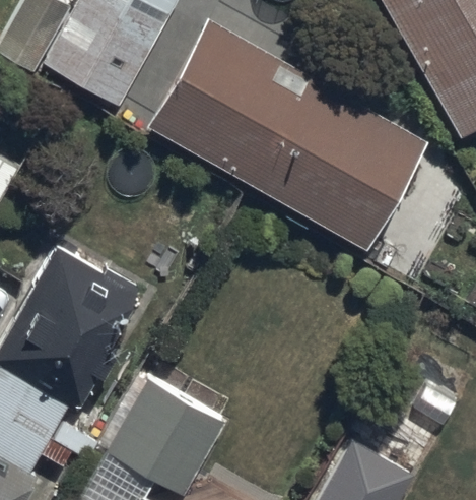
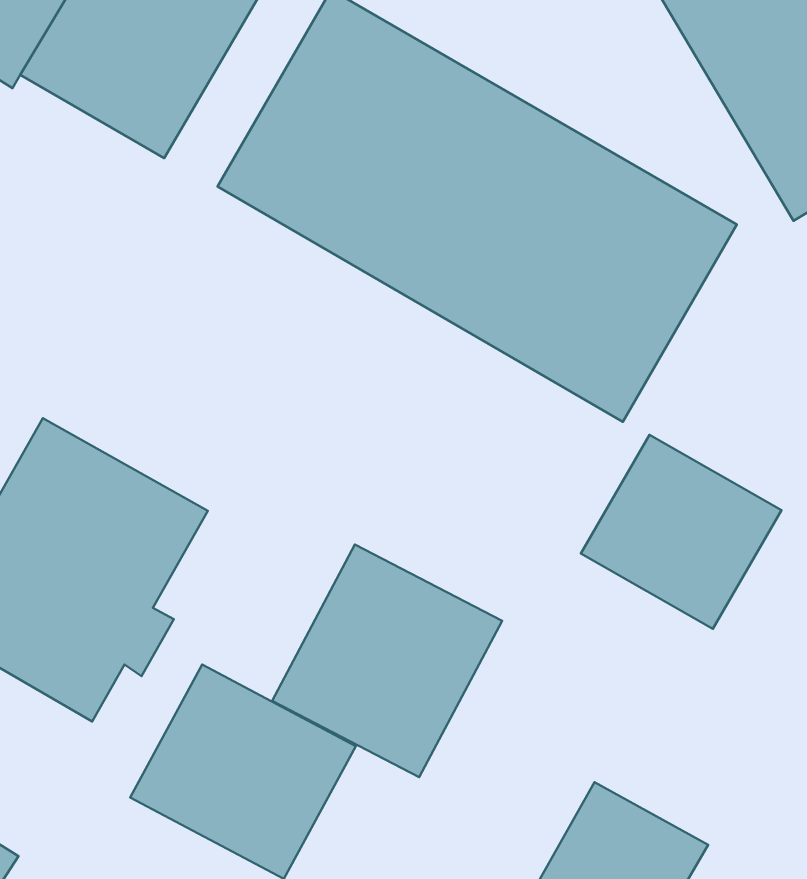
building: none -> [581,435,782,629]
building: none -> [272,544,502,777]

